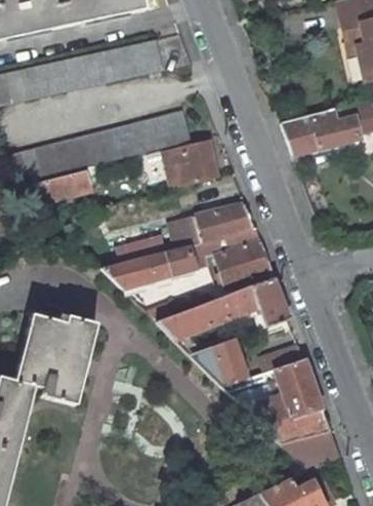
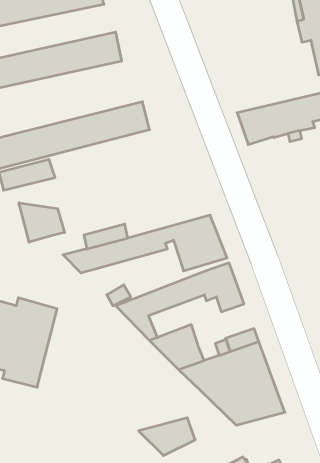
building: [164,140,217,188] -> none
building: [170,203,254,249] -> none
building: none -> [19,203,65,242]
building: [281,431,339,470] -> [139,418,195,456]

